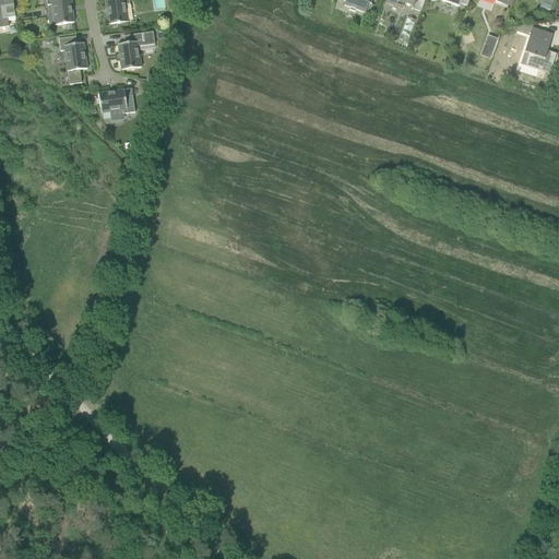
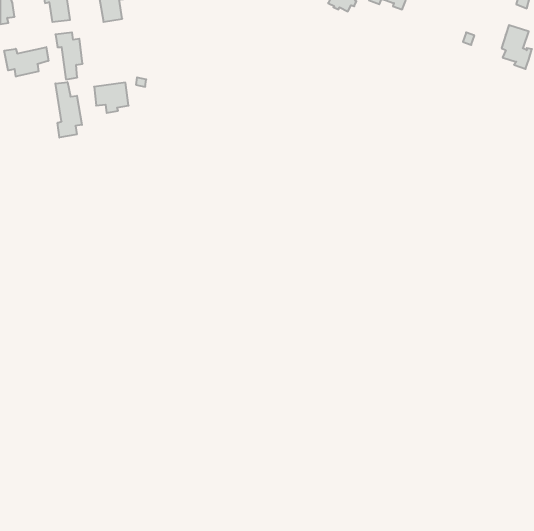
building: [118,29,154,68] -> none
building: none -> [4,47,48,77]
building: none -> [55,82,82,138]

